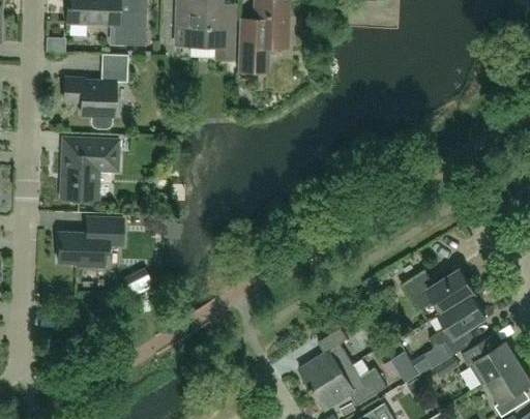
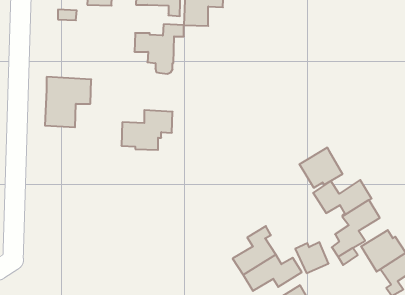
building: [64,67,127,130] -> [134,24,184,74]
building: [58,217,123,268] -> [121,110,173,150]
building: none -> [299,147,342,188]

